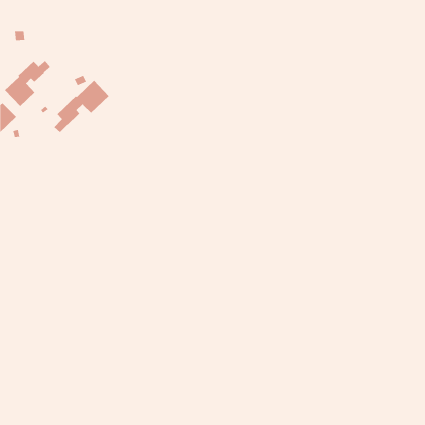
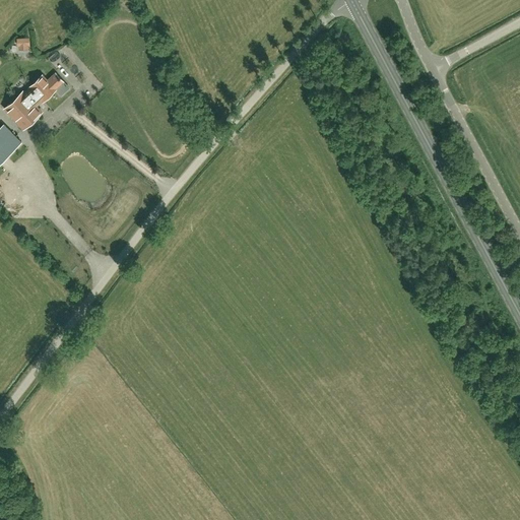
building: [53,80,110,133] -> none

